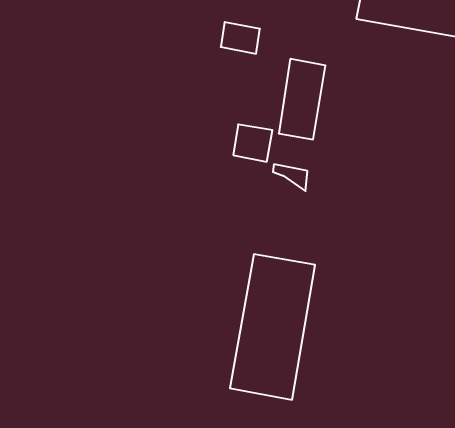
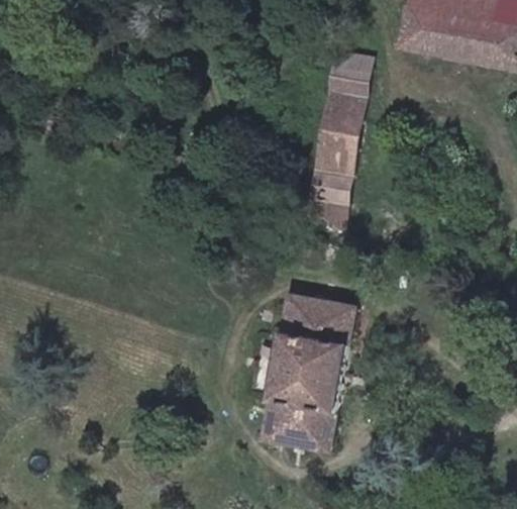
building: [221,22,260,54] -> [328,55,370,88]
building: [233,124,272,162] -> [311,160,352,199]

